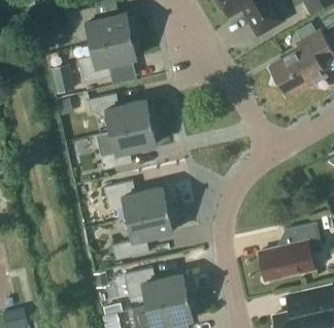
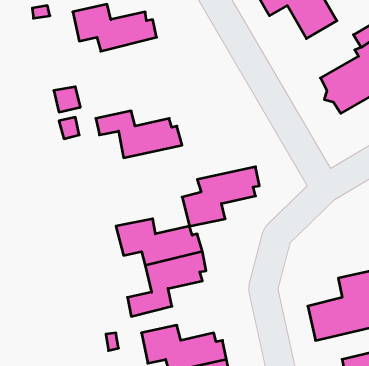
building: [77,34,140,84] -> none
building: [97,122,160,170] -> [182,167,259,226]

